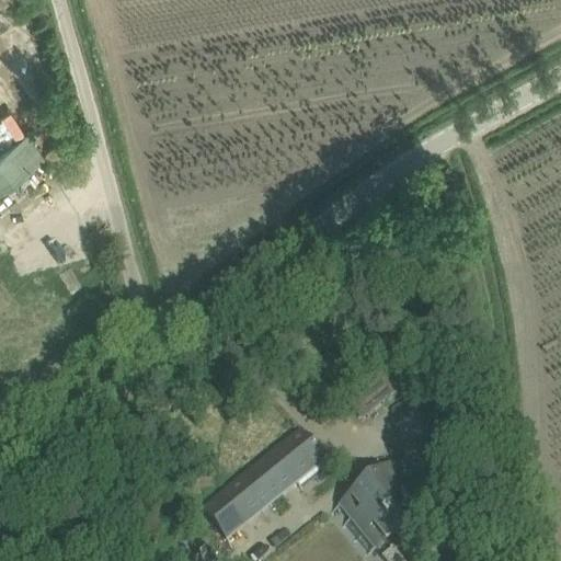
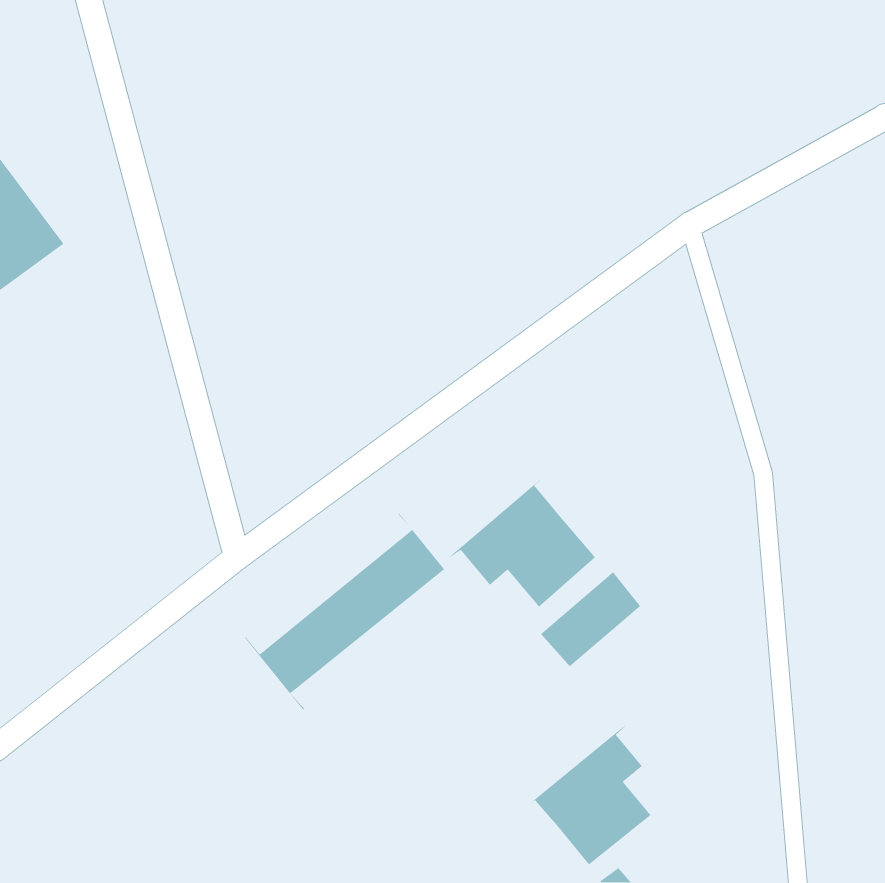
building: none -> [447,472,596,607]
building: [192,421,327,546] -> [244,512,458,711]

